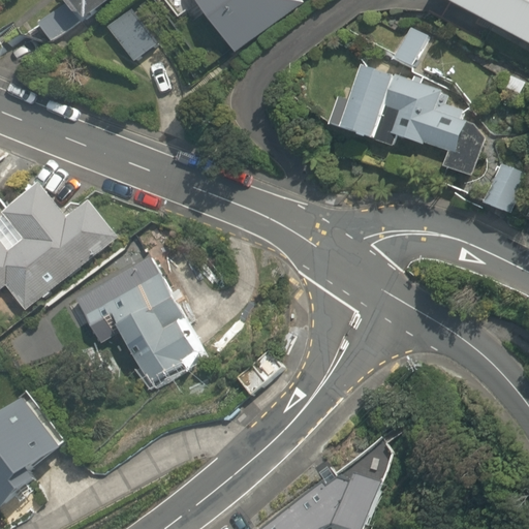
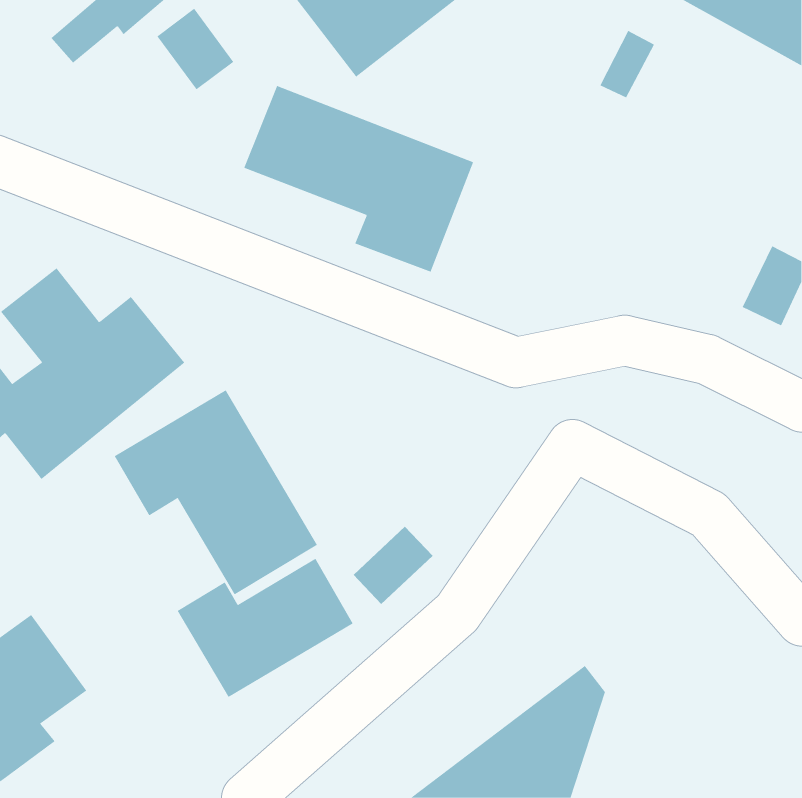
building: none -> [244,85,474,273]
building: [326,66,487,174] -> none
building: none -> [177,558,354,698]

